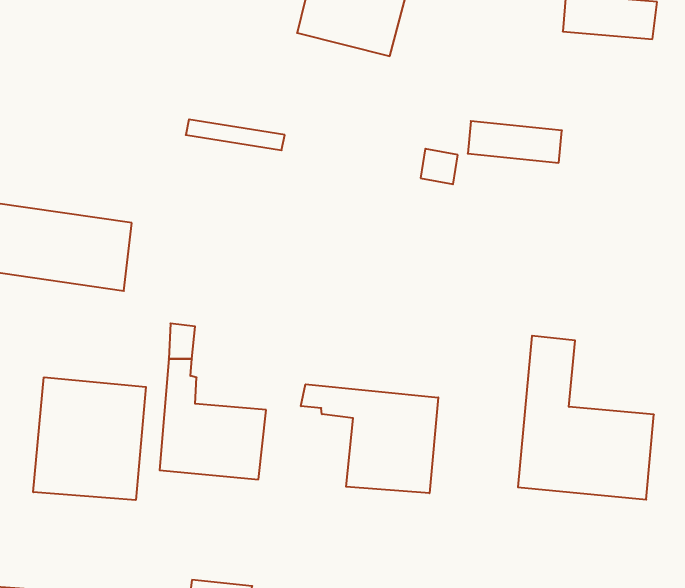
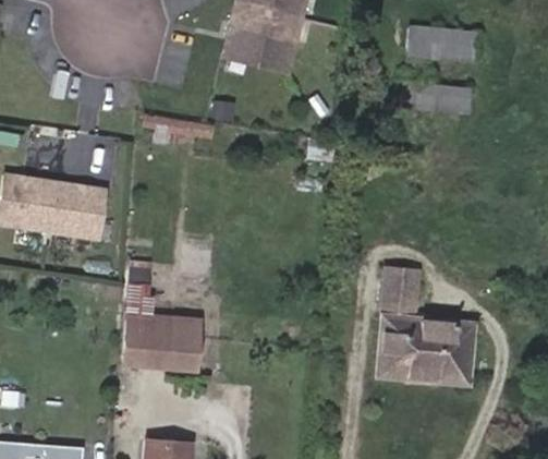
building: [468,121,562,163] -> [404,82,471,111]
building: [33,377,146,500] -> none
building: [301,384,438,493] -> none

